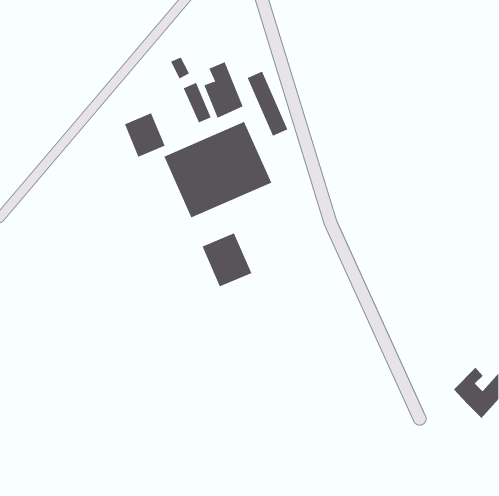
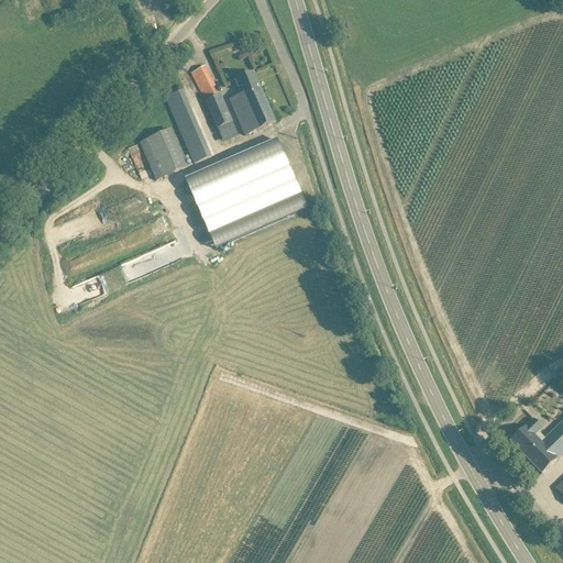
building: [247,71,288,137] -> [164,89,210,163]
building: [202,232,252,287] -> none

